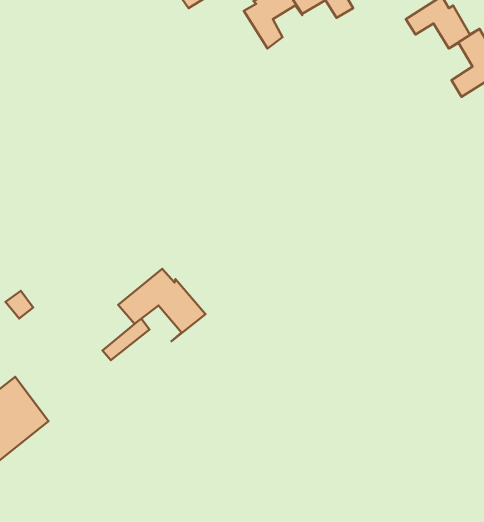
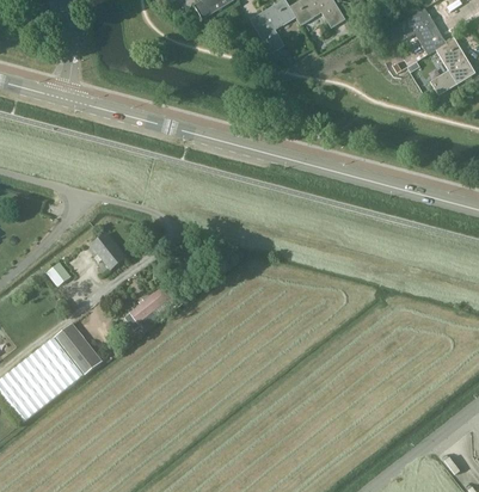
building: none -> [90,232,124,269]
building: [118,269,205,341] -> none
building: none -> [54,321,102,375]

